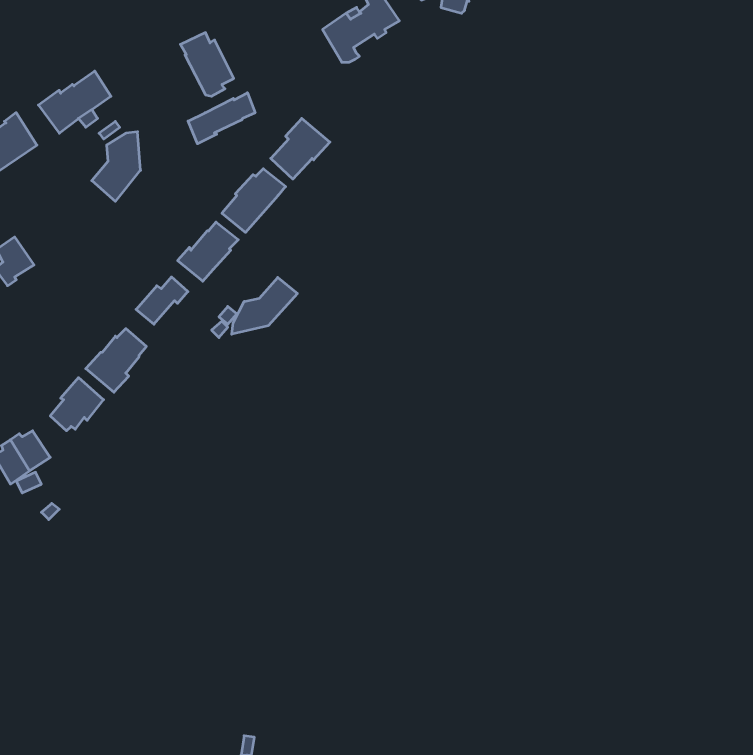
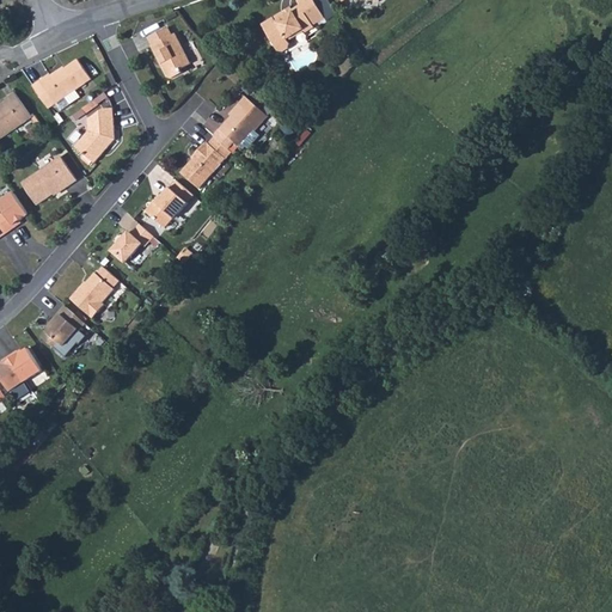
building: [188,93,255,144] -> none
building: none -> [20,155,75,204]
building: [232,277,297,334] -> none

